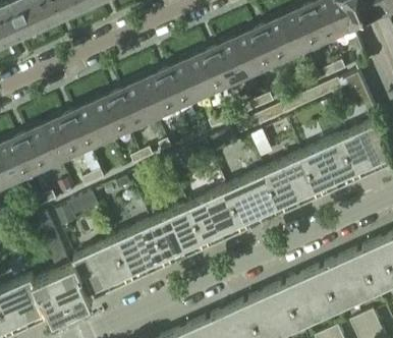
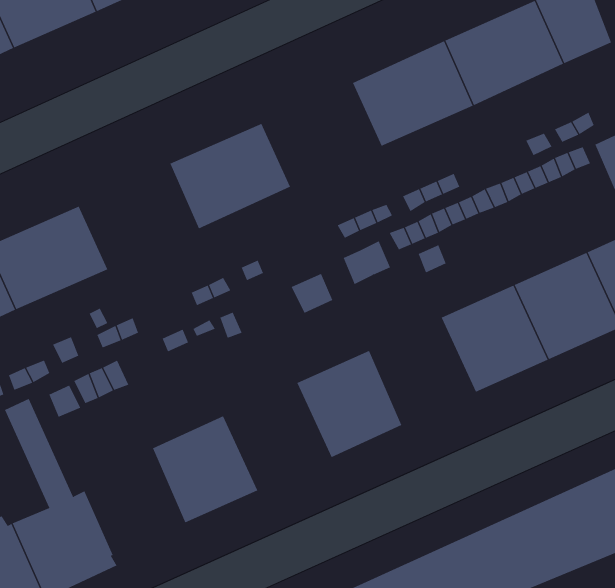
building: [169,47,232,102] -> none
building: [72,90,135,146] -> none
building: [226,171,282,228] -> none
building: [149,206,206,263] -> none
building: [74,240,128,297] -> none

